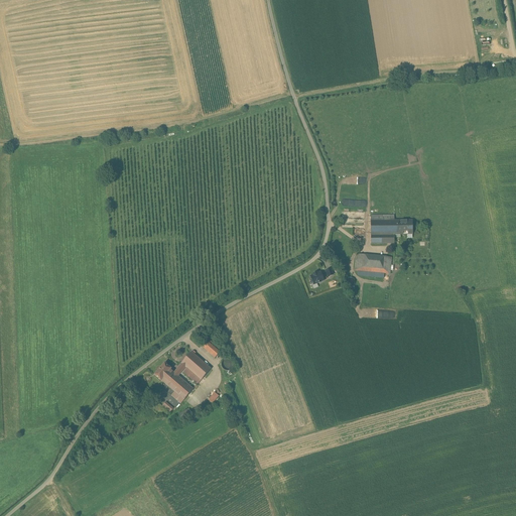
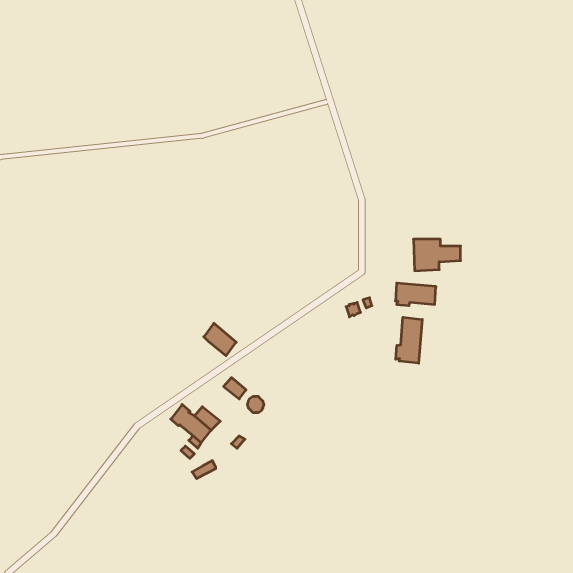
building: none -> [396,317,422,363]
building: [178,349,208,378] -> [204,323,236,356]

